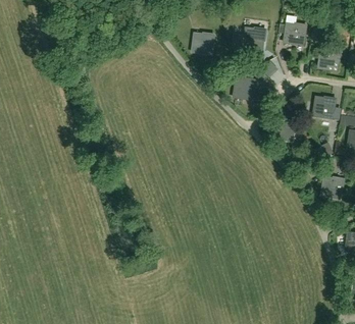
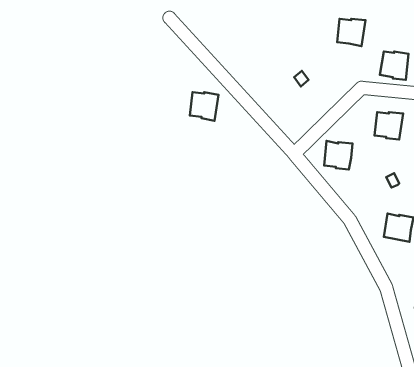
building: [243,28,265,50] -> none
building: [192,33,214,55] -> [190,92,218,121]
building: [233,78,256,100] -> none

